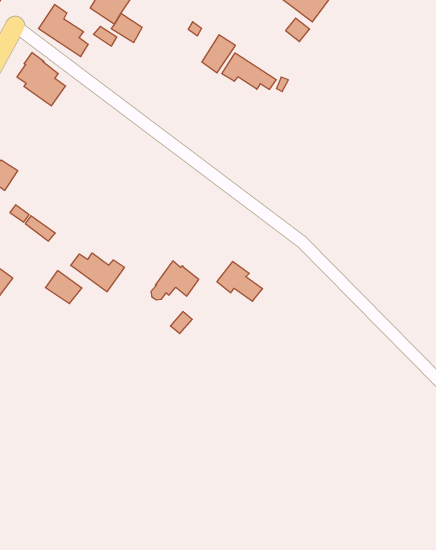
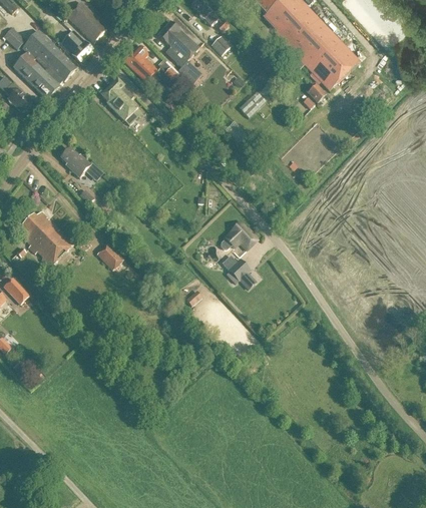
building: [222,53,276,89] -> none
building: [71,253,124,292] -> none
building: [151,261,199,300] -> [220,220,257,248]

